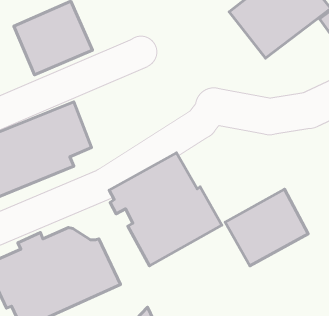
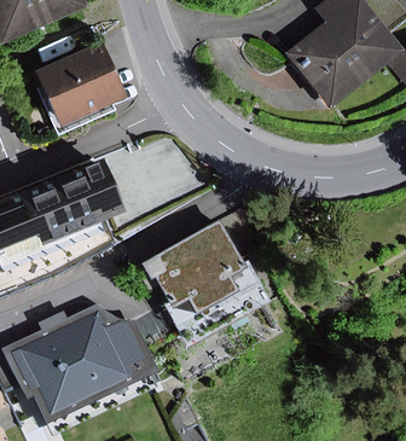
building: [225,189,308,266] -> none

